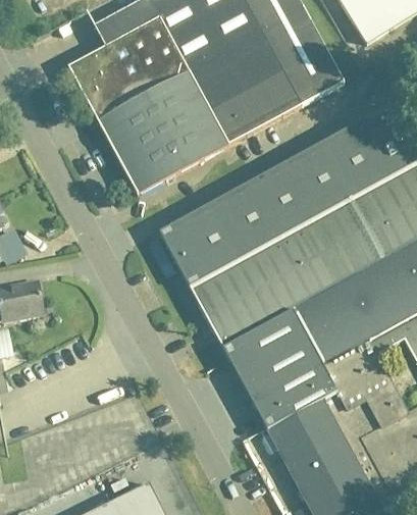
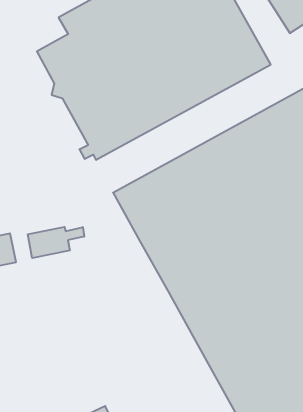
building: none -> [28,227,84,258]

